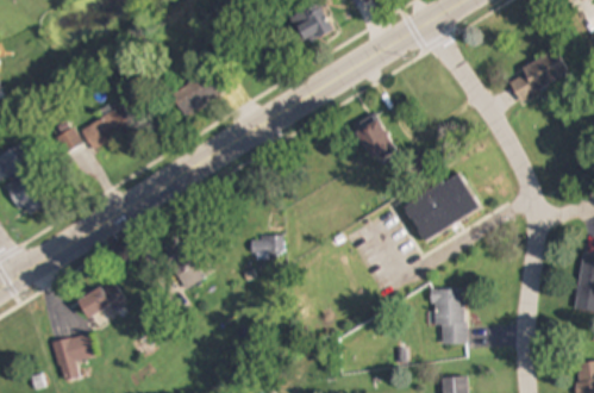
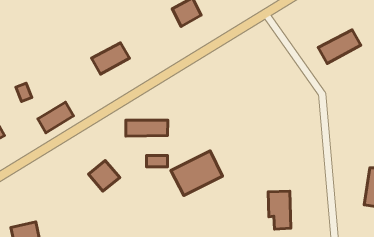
building: [81,105,133,150] -> [38,102,73,133]
building: [356,118,395,158] -> none
building: [404,174,480,239] -> [171,151,222,195]
building: none -> [126,120,168,136]
building: [80,286,123,316] -> none

